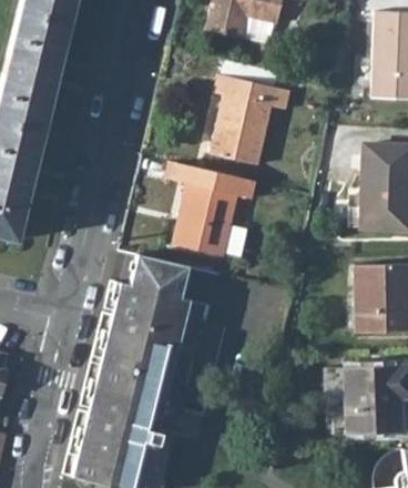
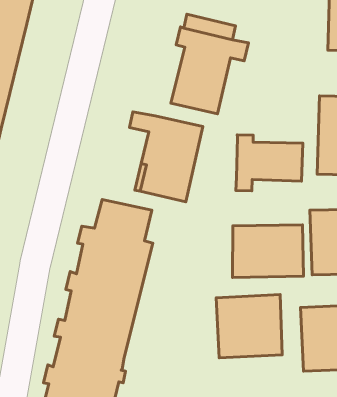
building: none -> [236,135,303,191]
building: none -> [233,225,304,277]
building: none -> [216,295,282,358]

